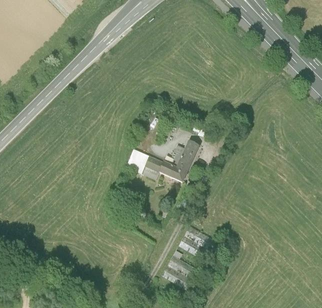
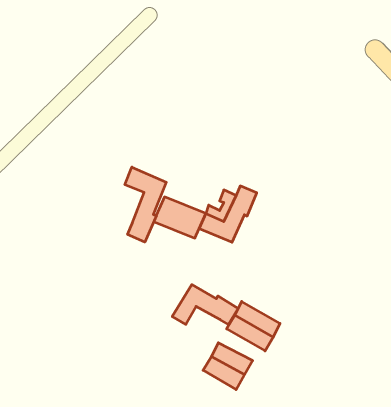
building: none -> [125,167,166,242]
building: none -> [172,285,238,325]

